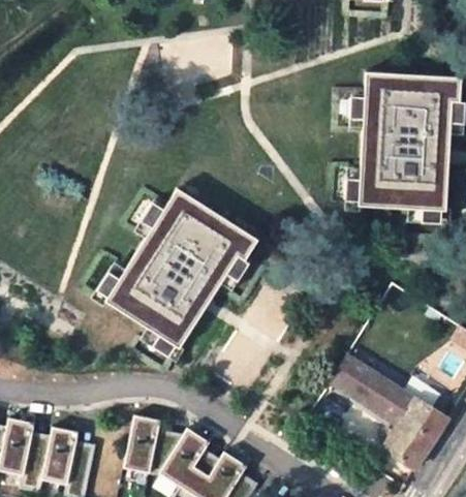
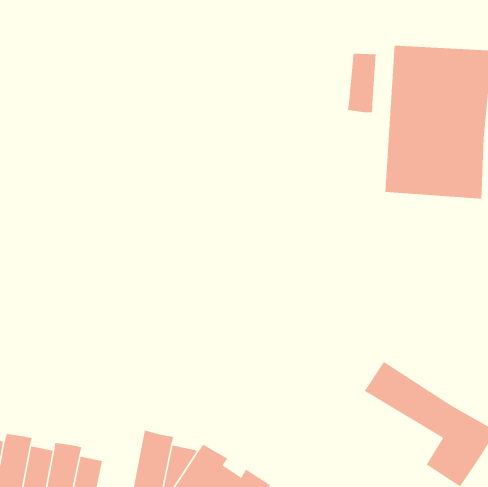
building: none -> [348,53,376,113]
building: [111,189,265,347] -> none

